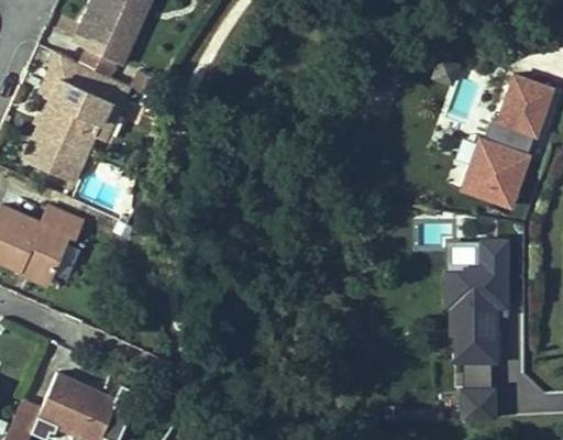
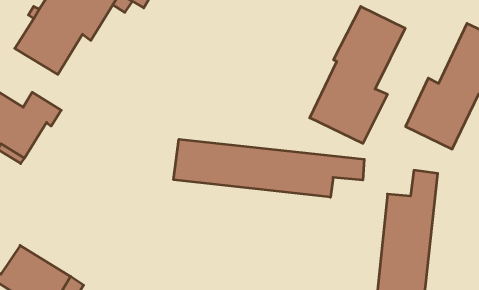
building: none -> [310,6,405,143]
building: none -> [174,139,364,197]

